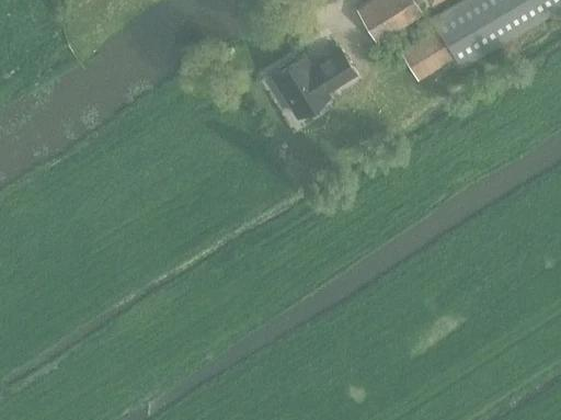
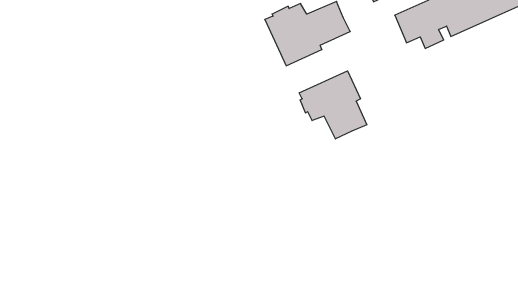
building: none -> [299,71,367,139]

